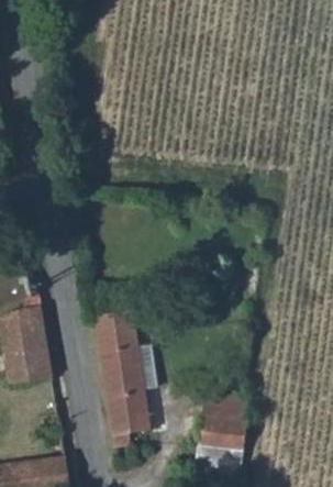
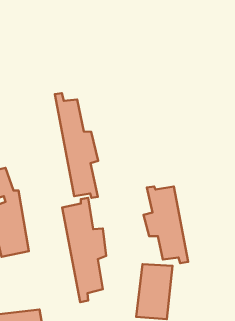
building: none -> [55,93,98,198]
building: none -> [143,186,188,263]

